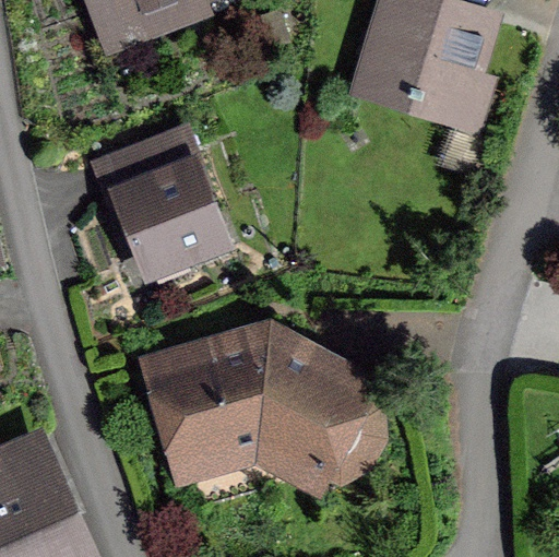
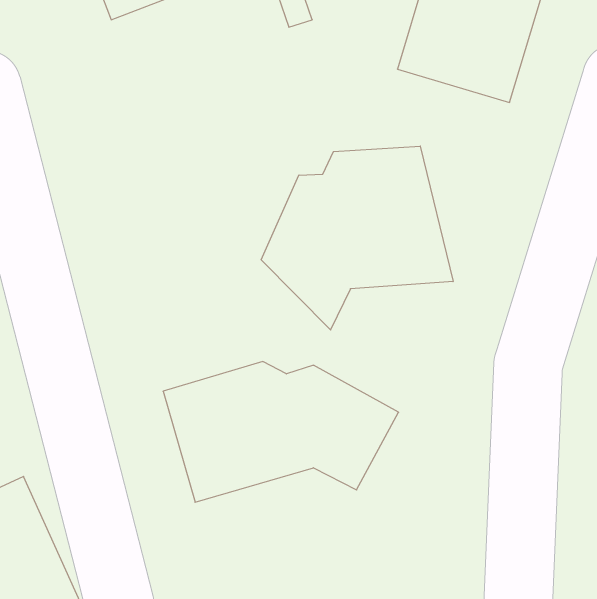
building: [95,145,222,272] -> none
building: none -> [261,146,453,330]

